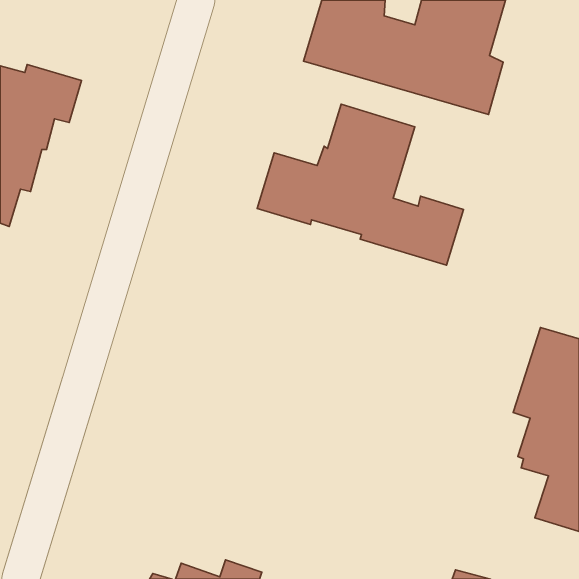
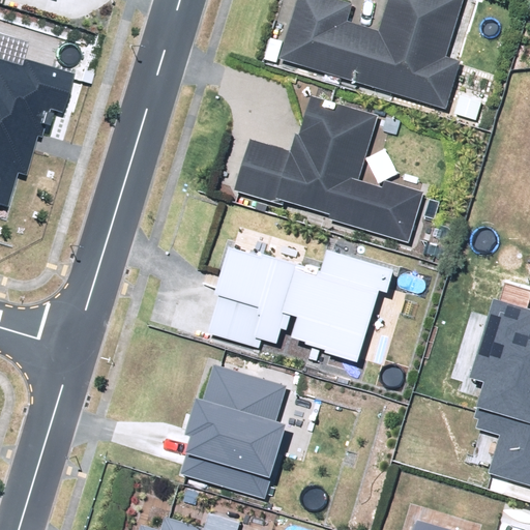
building: none -> [207,245,394,362]
building: none -> [181,364,286,499]

